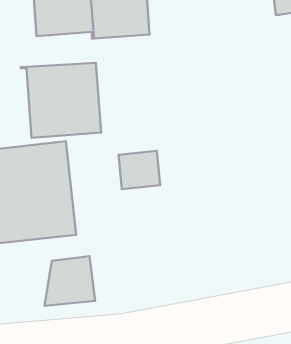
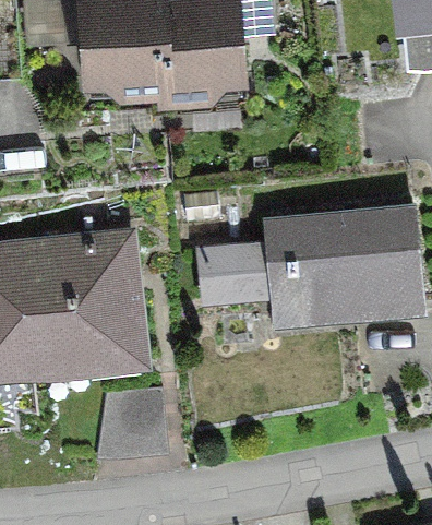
building: [21,63,101,138] -> none
building: none -> [265,204,423,311]

